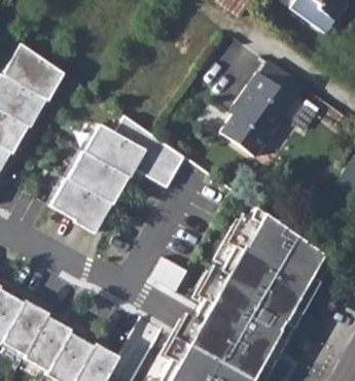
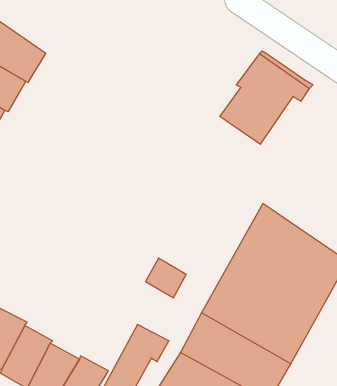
building: [50,116,183,231] -> none

